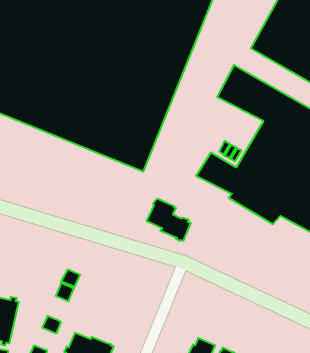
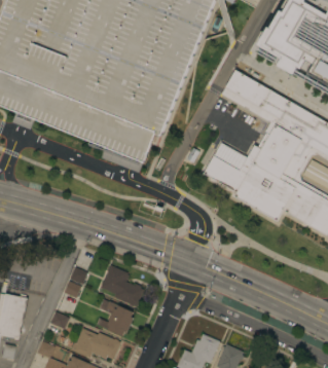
building: [147,199,191,241] -> [101,265,144,306]
building: none -> [97,298,133,335]

